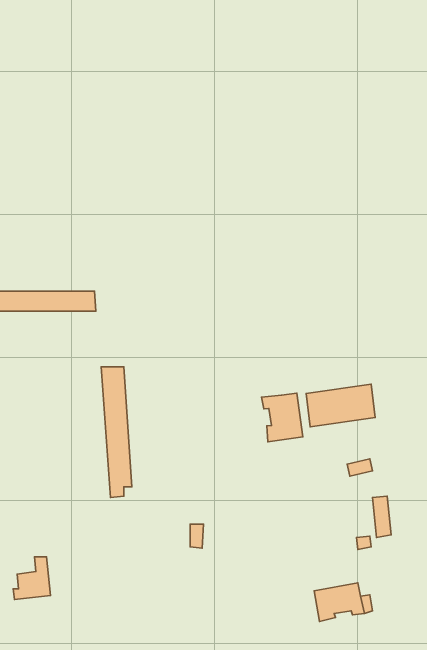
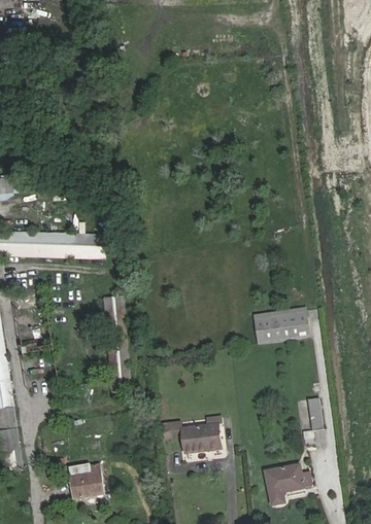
building: [261,393,303,442] -> none
building: none -> [180,422,220,452]
building: [13,557,50,599] -> [68,464,97,497]

